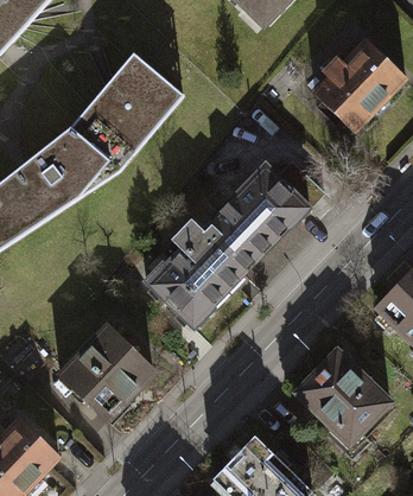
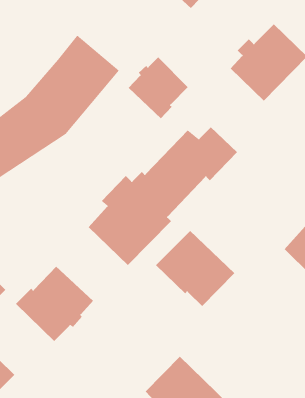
building: none -> [128,57,188,119]
building: [296,351,390,443] -> [155,230,235,307]

